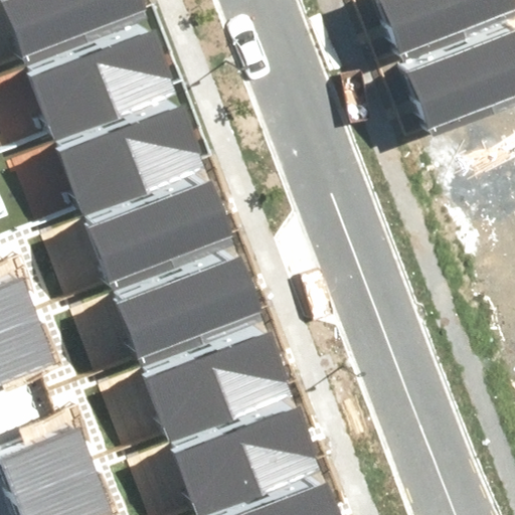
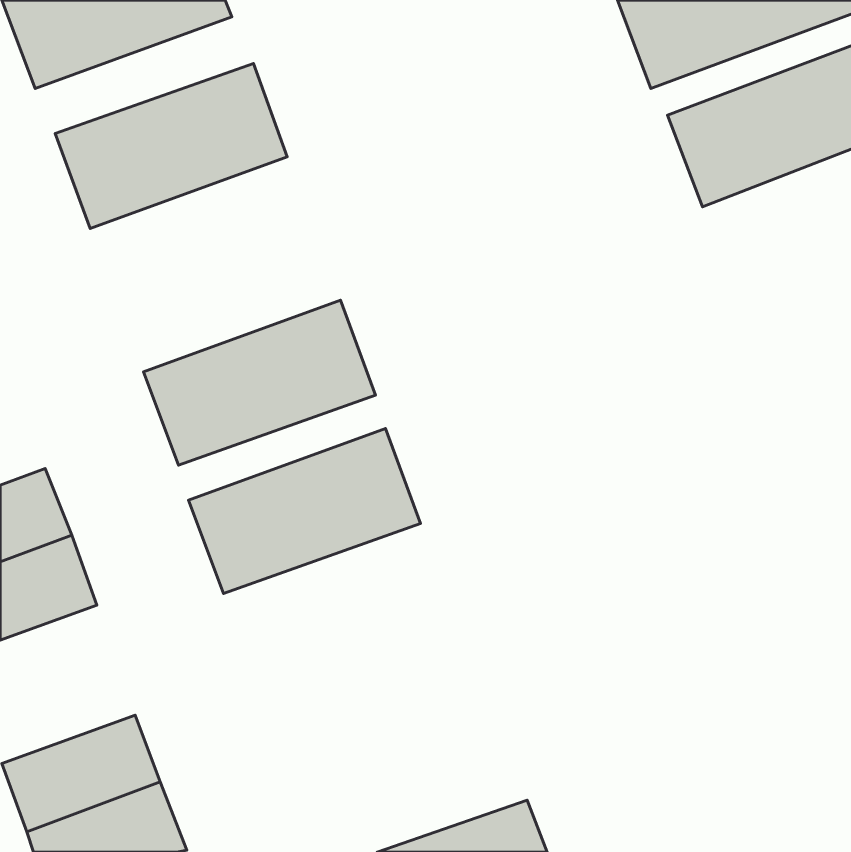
building: [59,114,199,214] -> none
building: [142,331,282,432] -> none
building: [174,410,314,510] -> none

